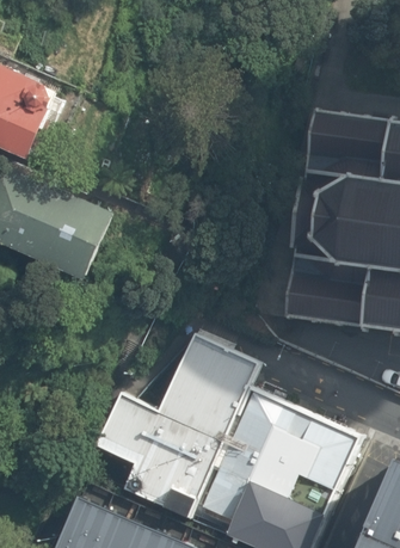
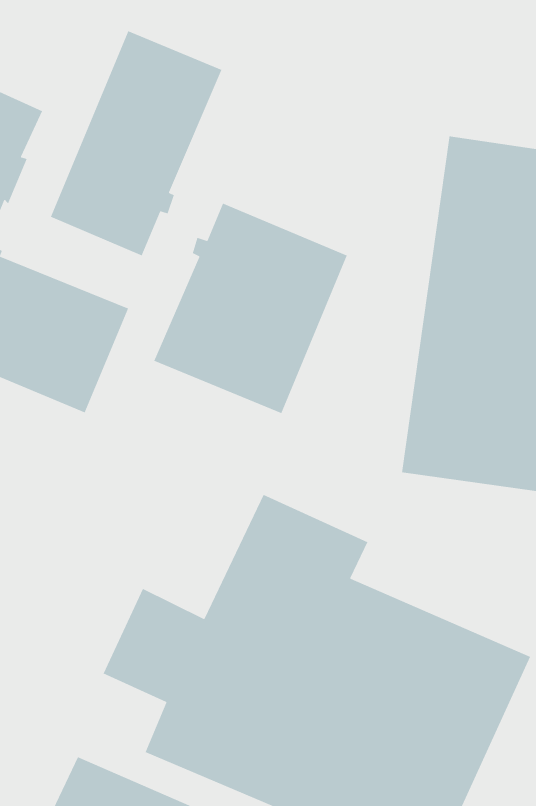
building: none -> [50,30,223,257]
building: none -> [153,202,348,414]

